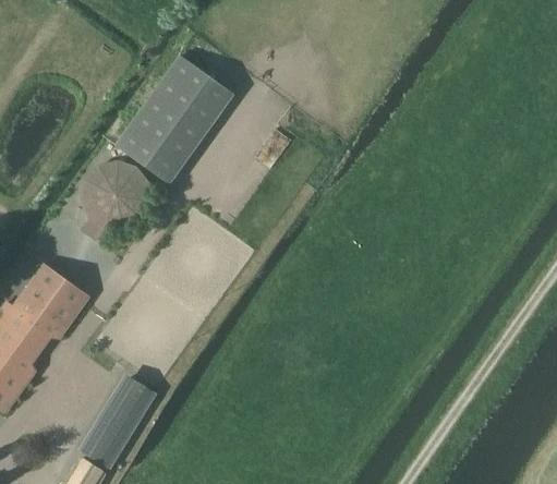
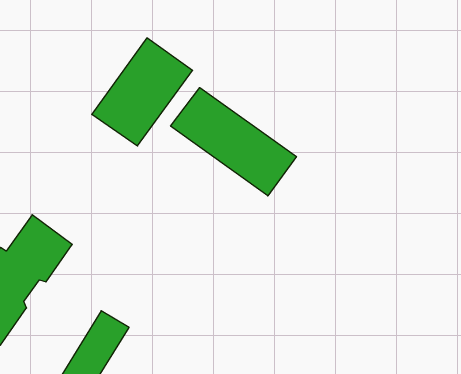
building: none -> [171,88,296,196]
building: [81,160,153,242] -> none

